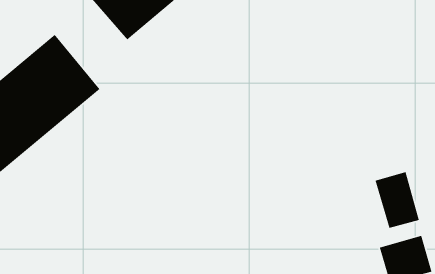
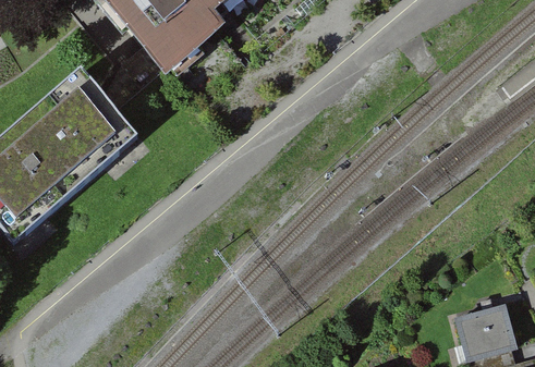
building: [374,171,420,229] -> none

